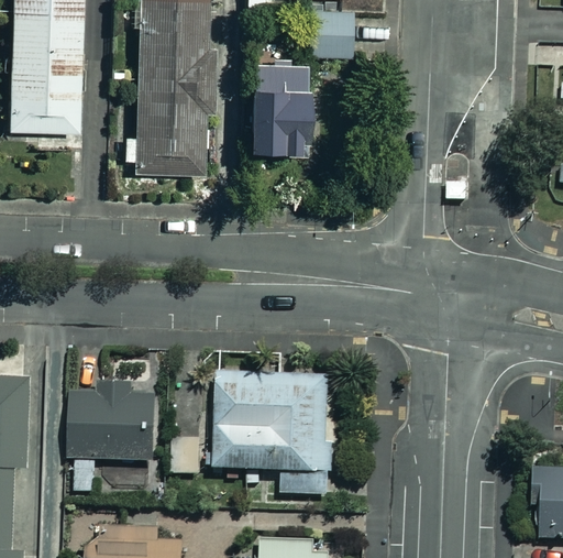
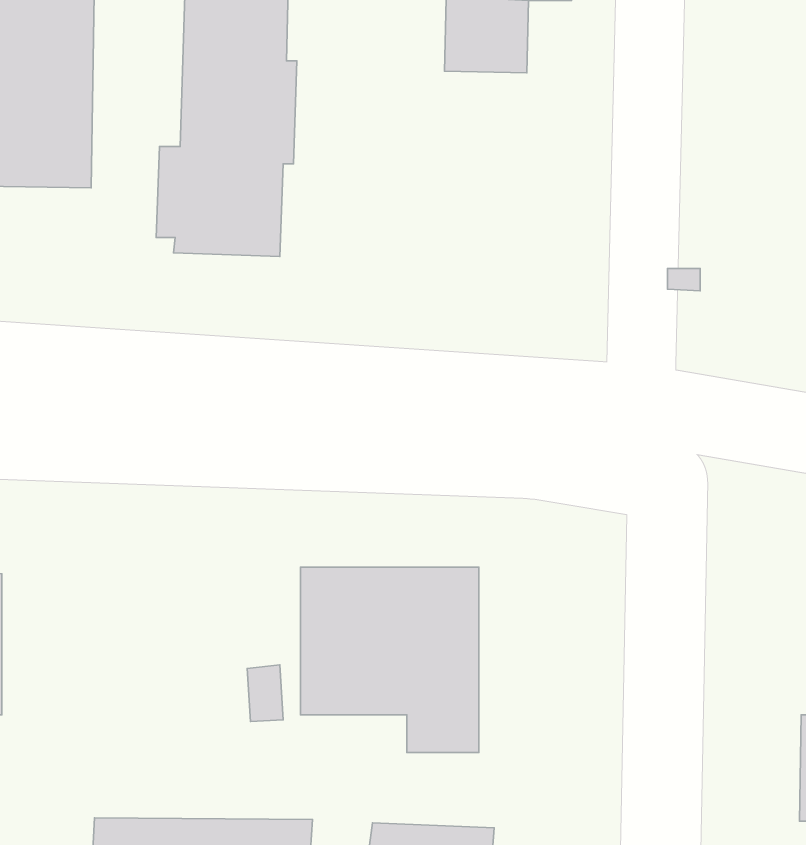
building: [252,68,312,155] -> none
building: [70,385,153,490] -> none

